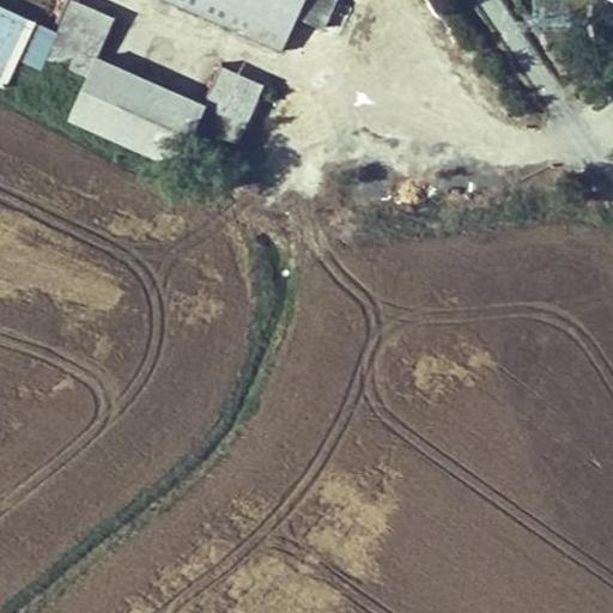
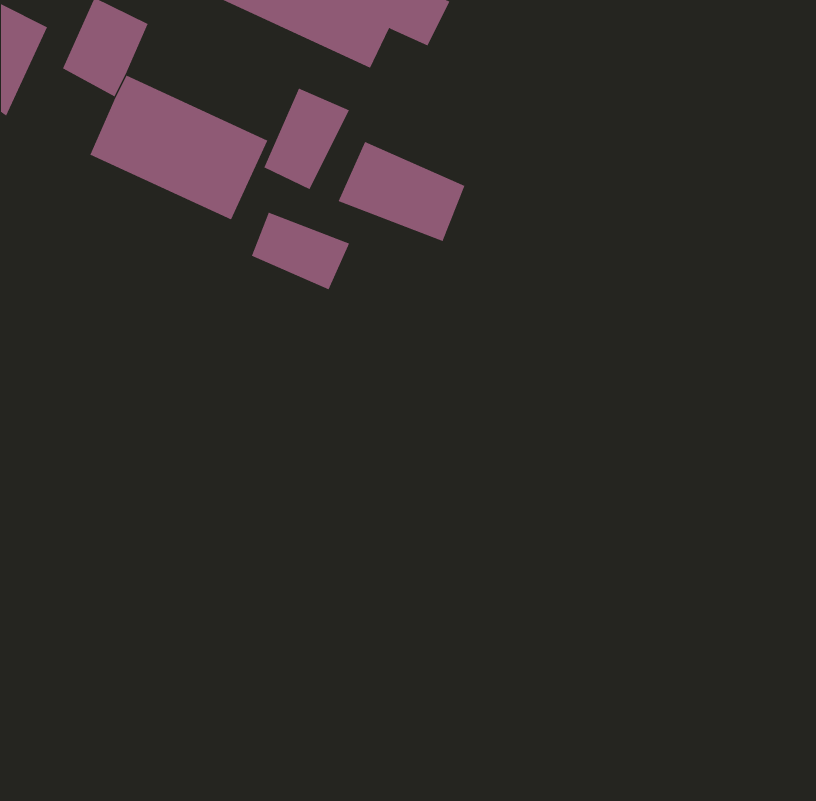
building: none -> [338,141,465,242]
building: none -> [251,212,350,290]

